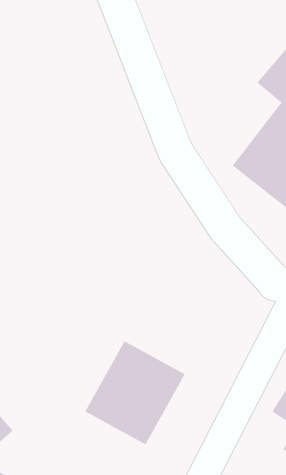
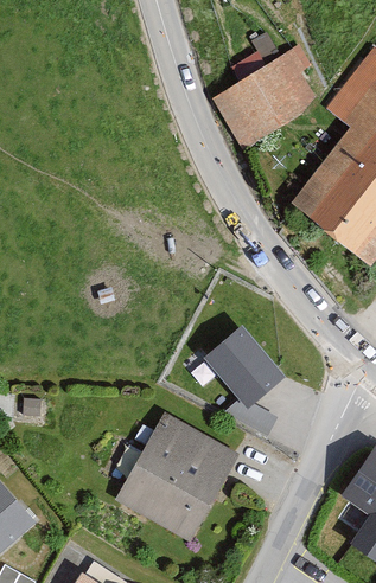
building: none -> [214,56,316,148]
building: none -> [203,326,283,409]

